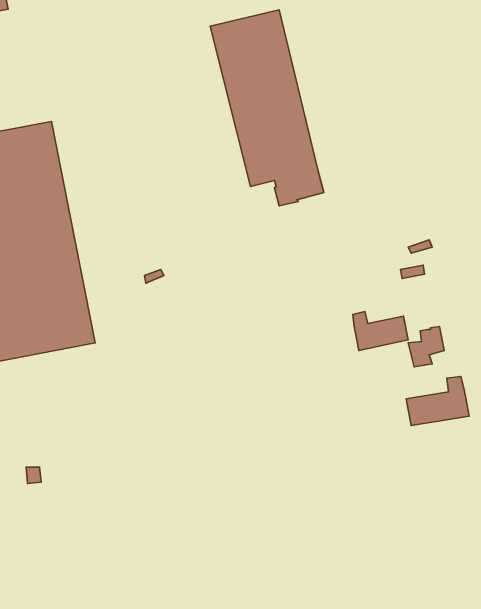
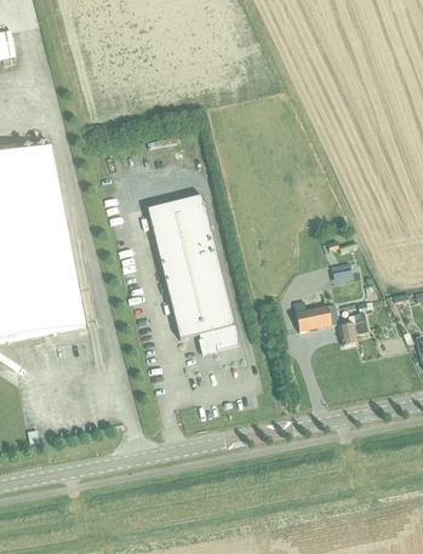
building: [210,10,324,206] -> [147,194,239,353]
building: [406,376,469,426] -> none

